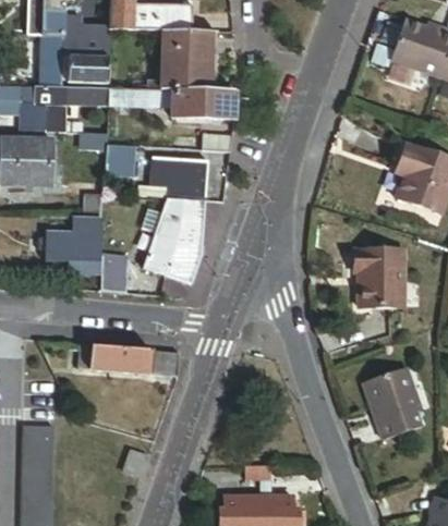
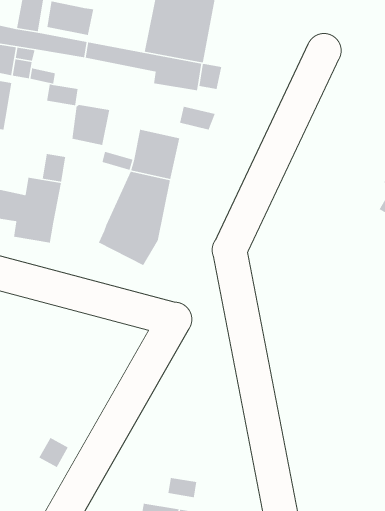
building: [355,248,403,307] -> none
building: [104,256,130,294] -> none
building: [90,346,181,376] -> none
building: [362,367,423,441] -> none

